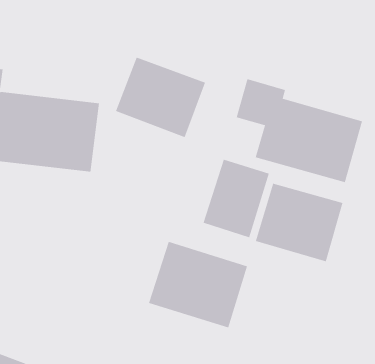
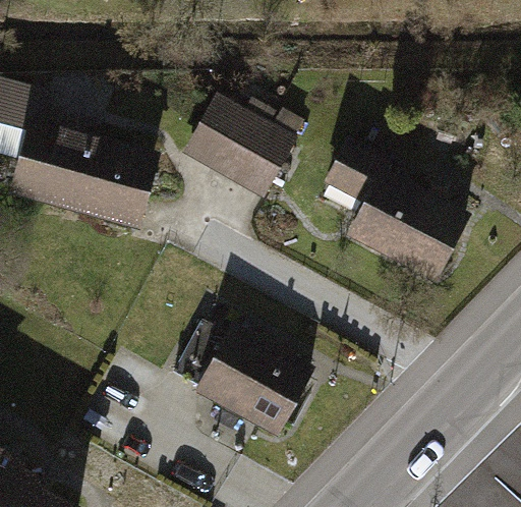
building: [203,159,270,238] -> none
building: [255,183,343,262] -> none

